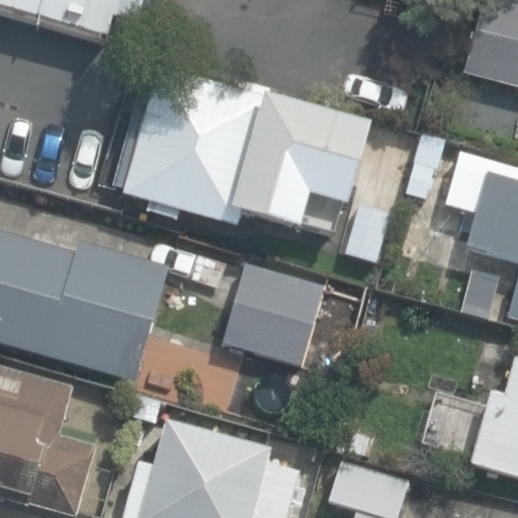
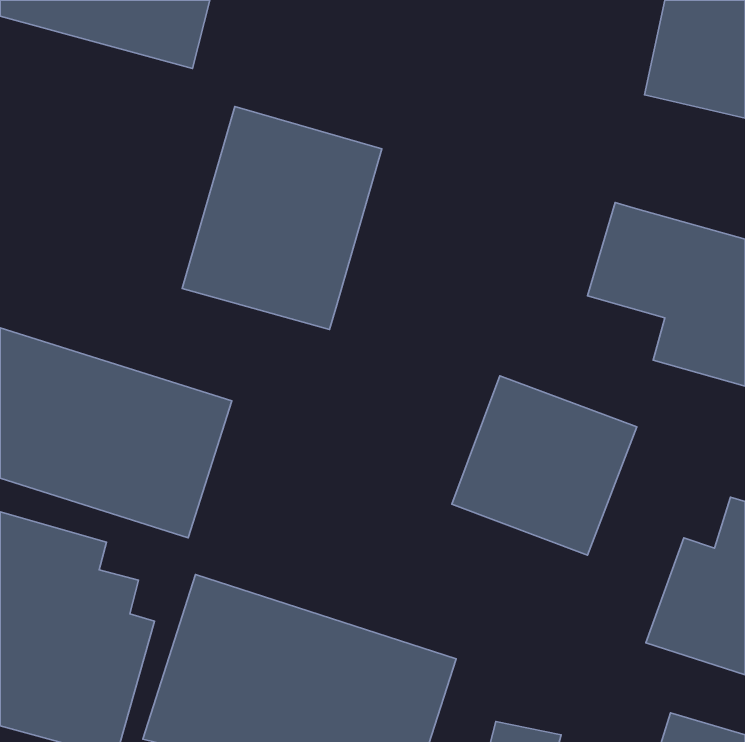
building: [234,105,377,243] -> none
building: [199,248,328,372] -> [452,376,637,555]

